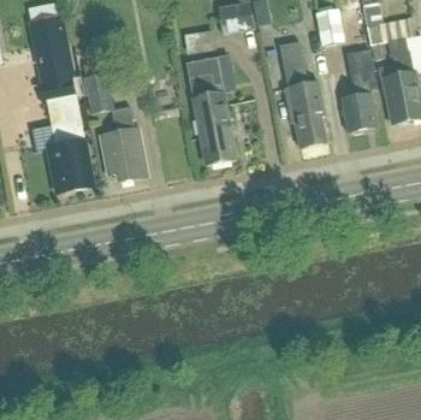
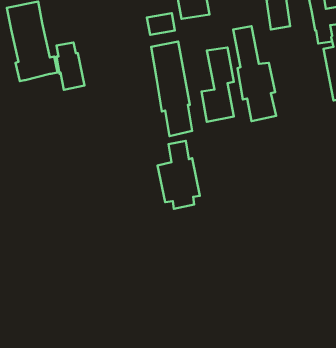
building: [342,48,378,131] -> [202,47,234,122]
building: [100,106,147,182] -> [158,141,200,209]
building: [48,118,94,190] -> none

